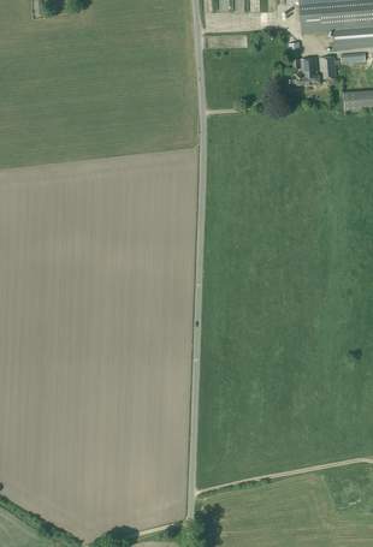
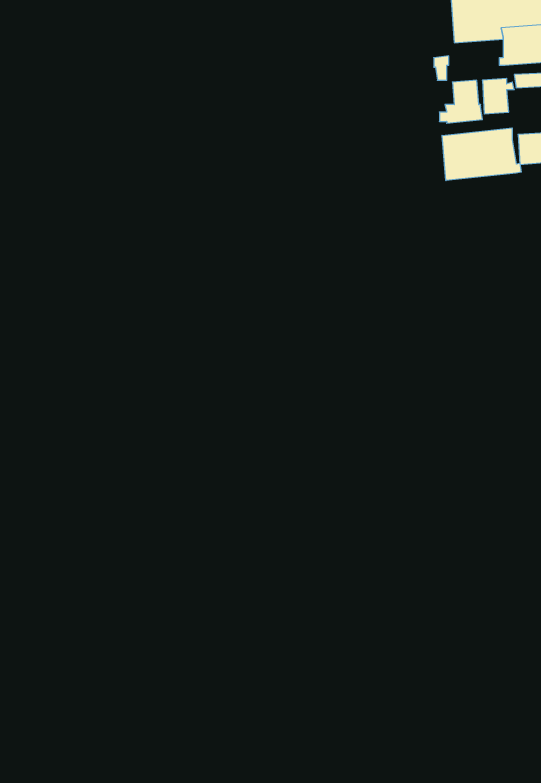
building: none -> [442,128,521,181]

